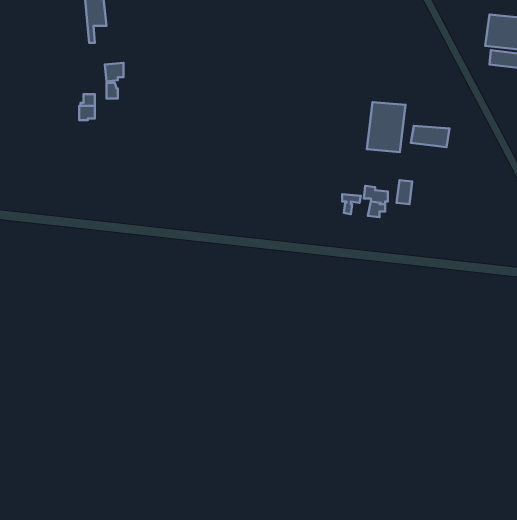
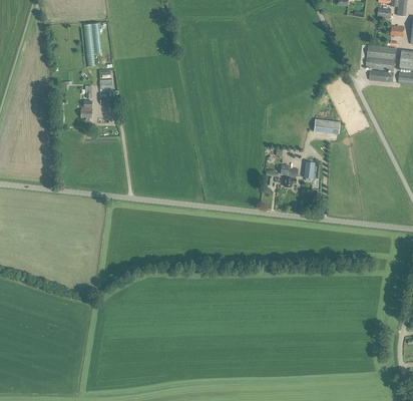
building: [367,102,406,152] -> none

